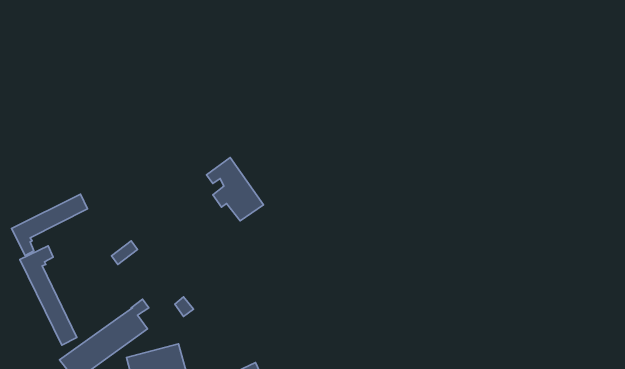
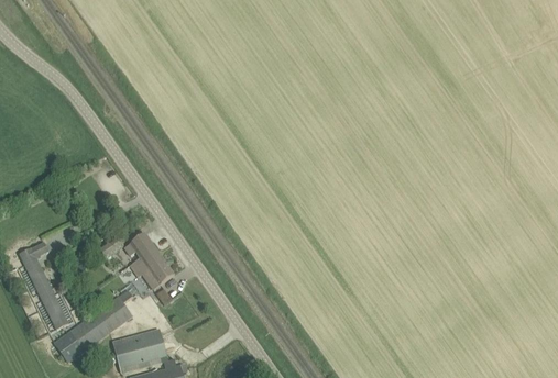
building: [207,158,264,221] -> [123,232,174,288]
building: [11,194,88,256] -> none

